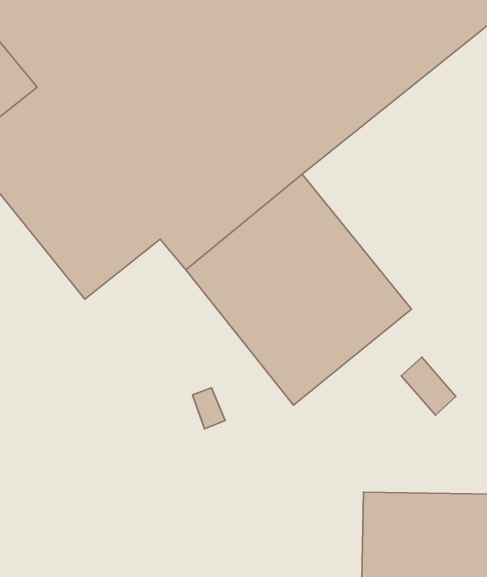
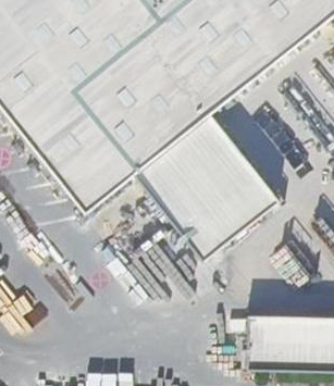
building: none -> [72,153,136,211]

